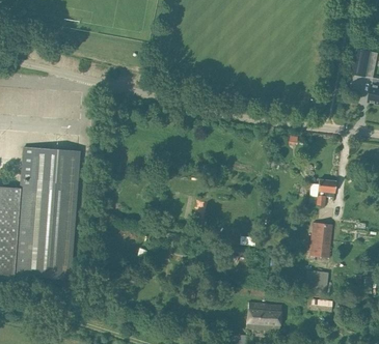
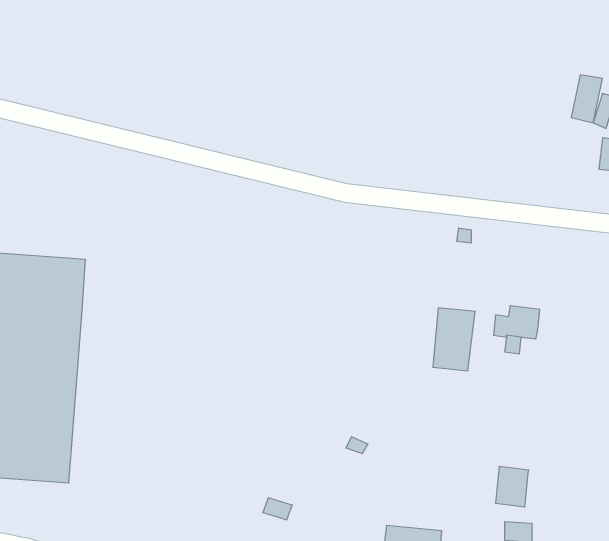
building: [309,221,333,256] -> [433,308,475,371]

